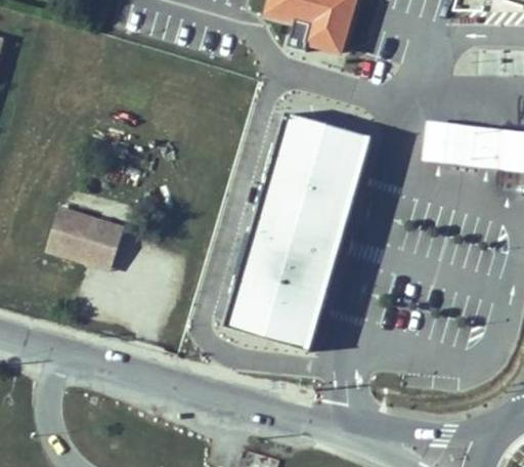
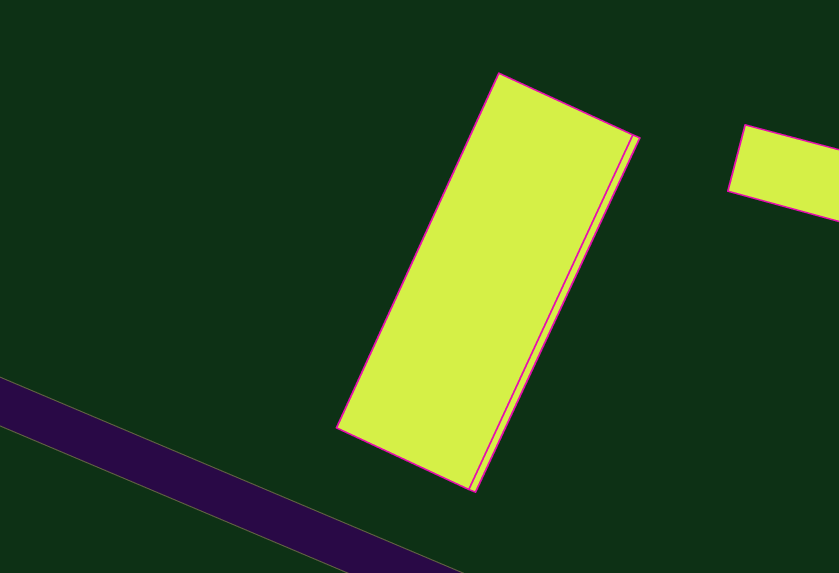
building: [48,208,126,266] -> none

